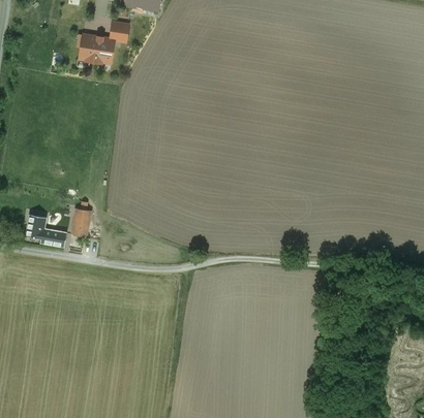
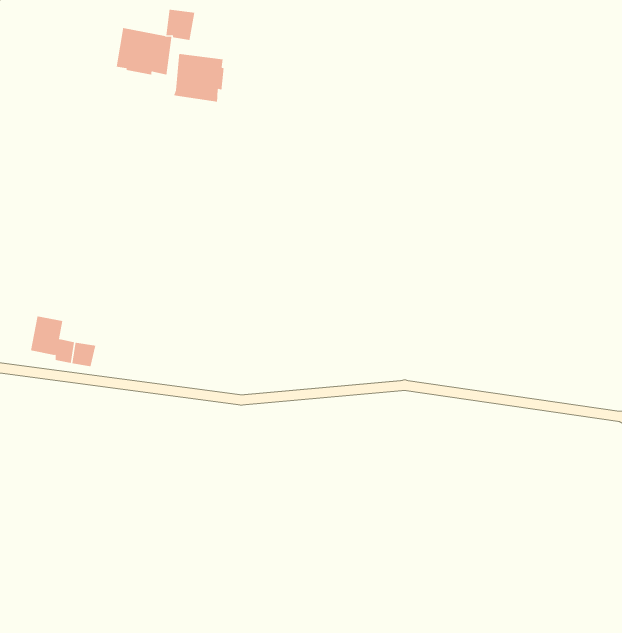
building: none -> [174,53,224,102]
building: [71,207,90,236] -> none

